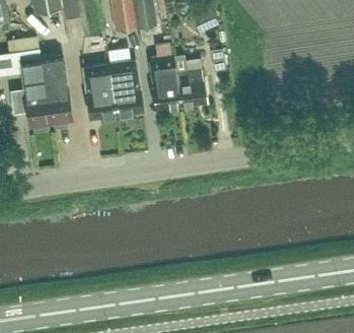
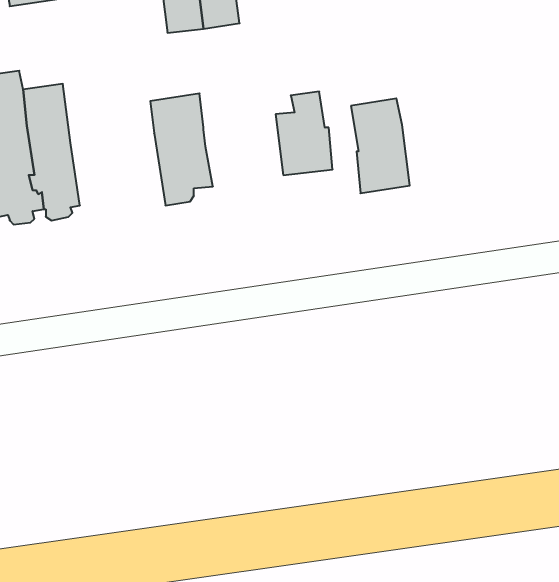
building: [149,58,181,109] -> [351,98,410,193]
building: [83,65,118,122] -> none

